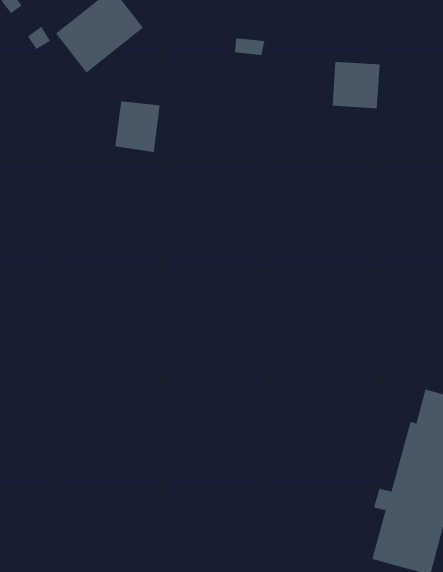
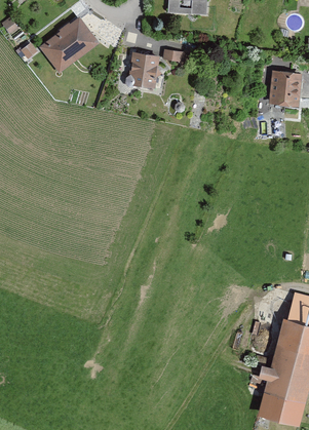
building: [332,61,380,109] -> [269,71,303,104]
building: [115,101,160,153] -> [127,52,159,88]

